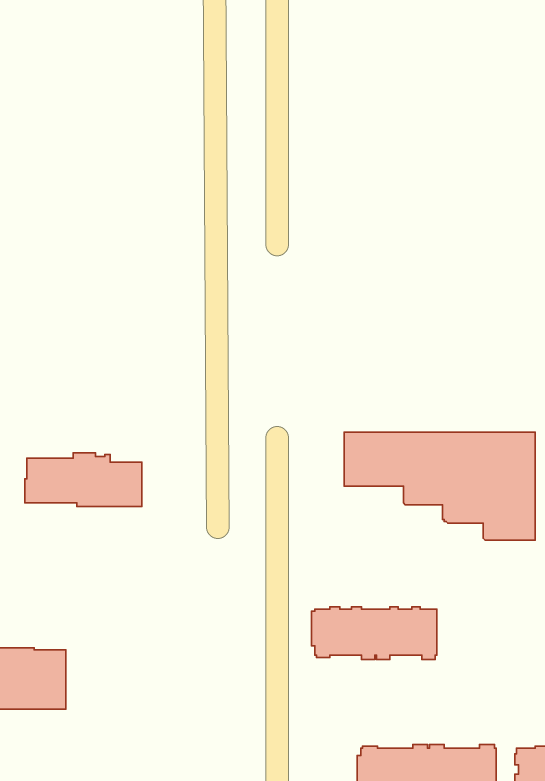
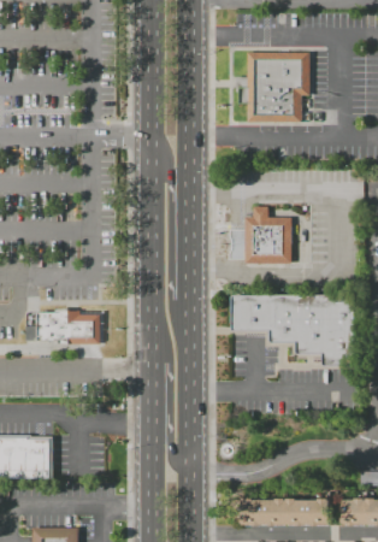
building: none -> [235,53,309,123]
building: none -> [244,207,290,264]
building: [311,607,437,660] -> none

